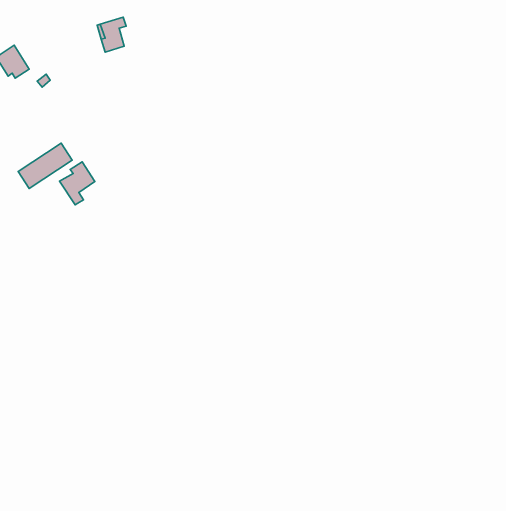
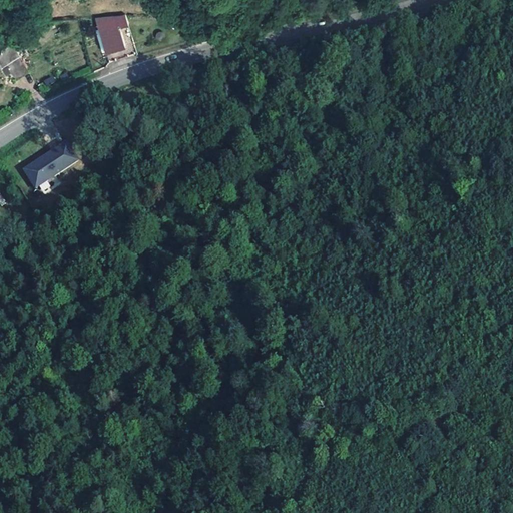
building: [60,162,95,205] -> none

